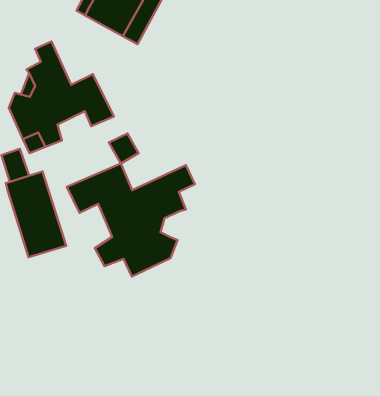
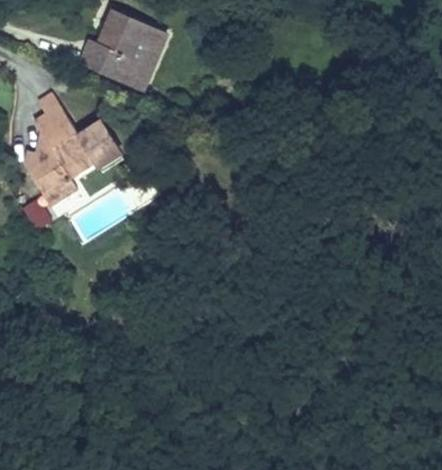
building: [67,164,195,276] -> none
building: [6,172,66,257] -> none

